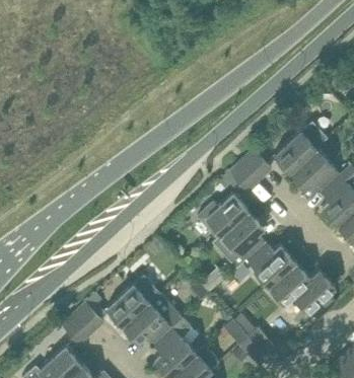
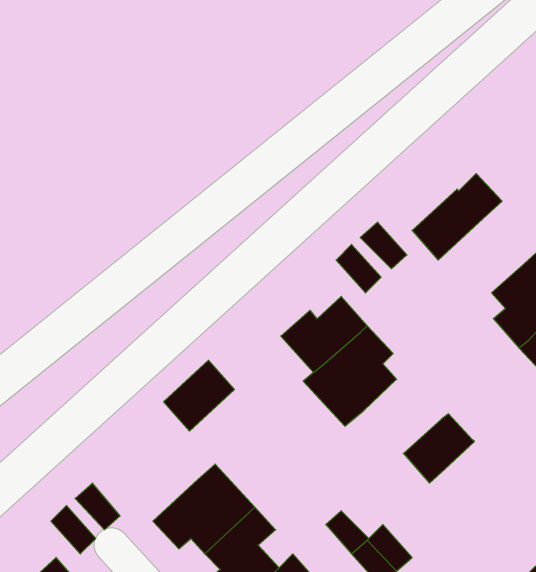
building: [289,148,340,192] -> none
building: [245,242,295,286] -> none
building: [293,270,336,319] -> none
building: [107,284,148,325] -> [164,360,234,431]

